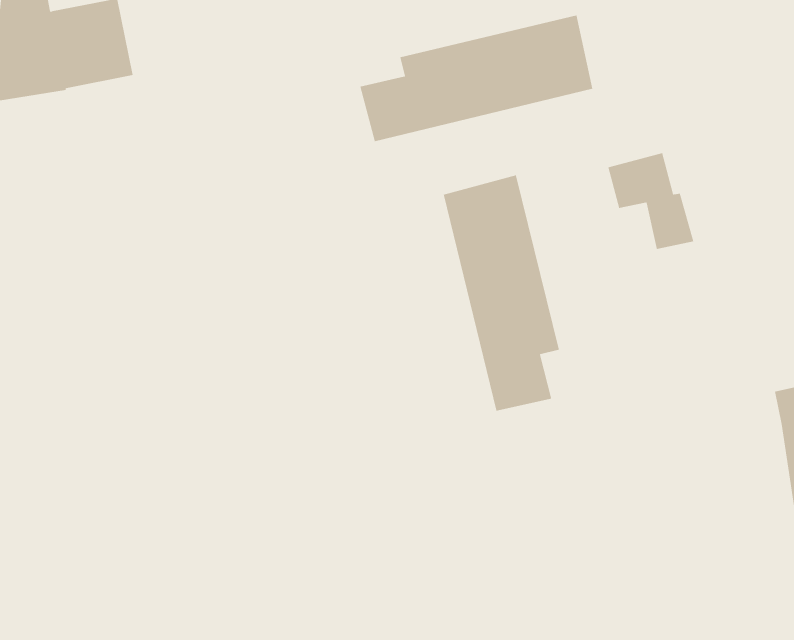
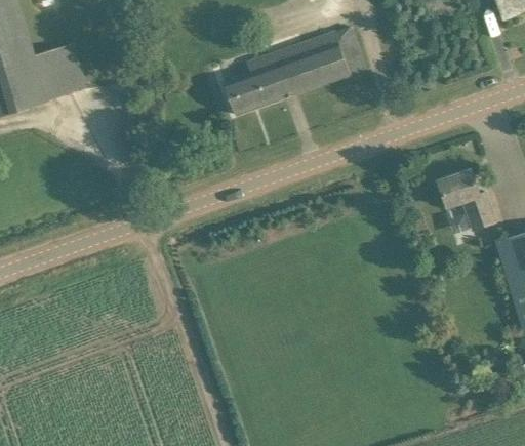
building: [607,153,694,249] -> [439,170,496,230]
building: [443,175,560,412] -> none

